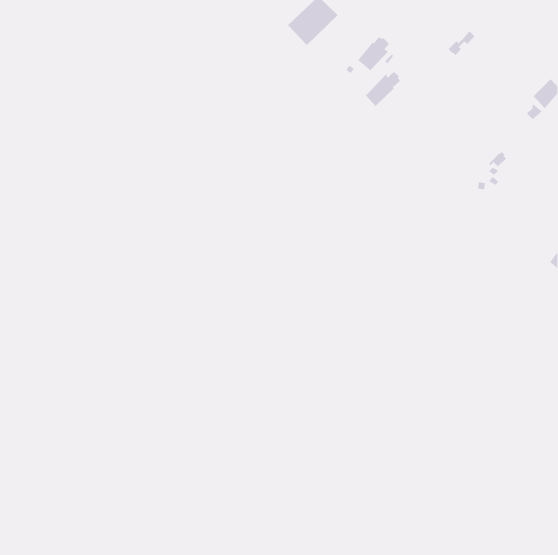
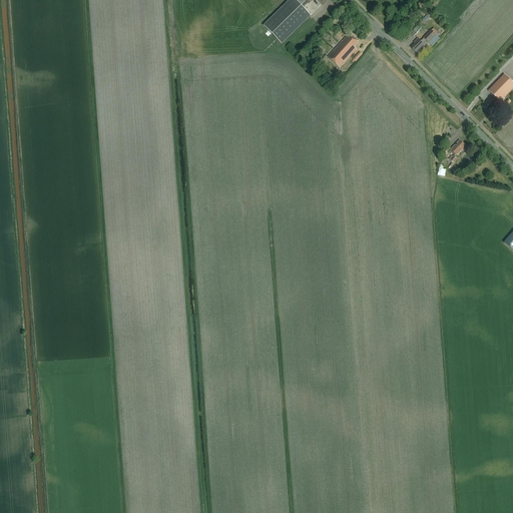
building: [365,71,401,107] -> none

